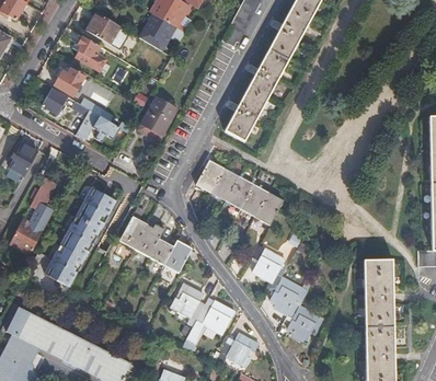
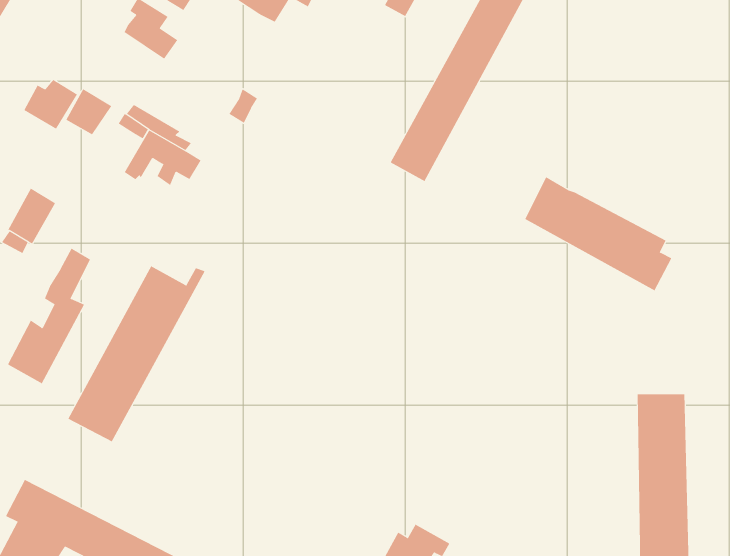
building: [55,68,85,96] -> [24,79,78,130]
building: [142,97,176,138] -> none
building: [196,160,279,224] -> [525,176,672,291]
building: [121,217,193,273] -> none
building: [252,245,322,339] -> none
building: [171,284,234,334] -> none

